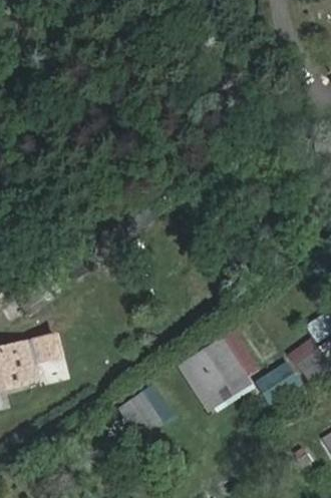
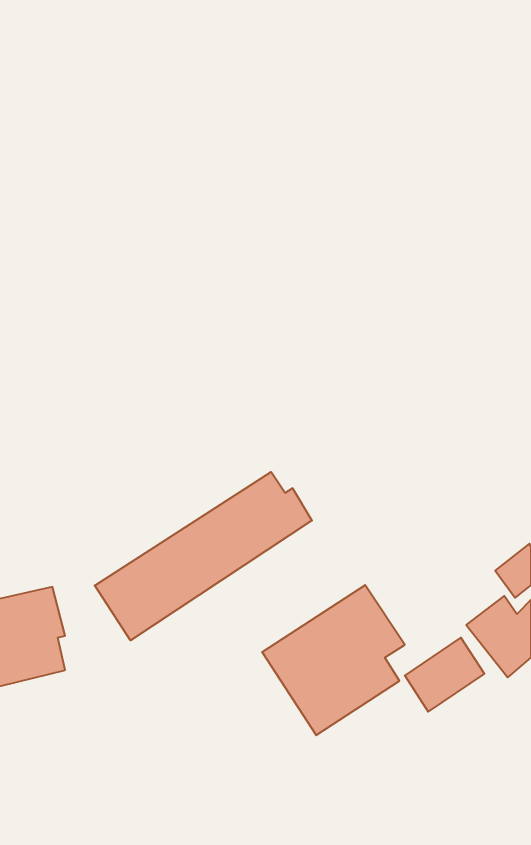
building: none -> [95,472,312,640]
building: [118,382,177,438] -> none

